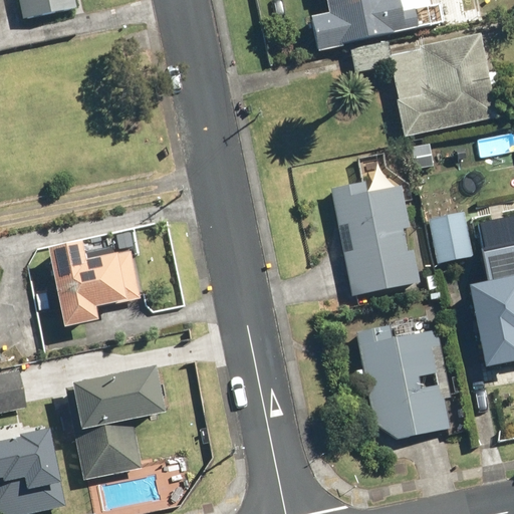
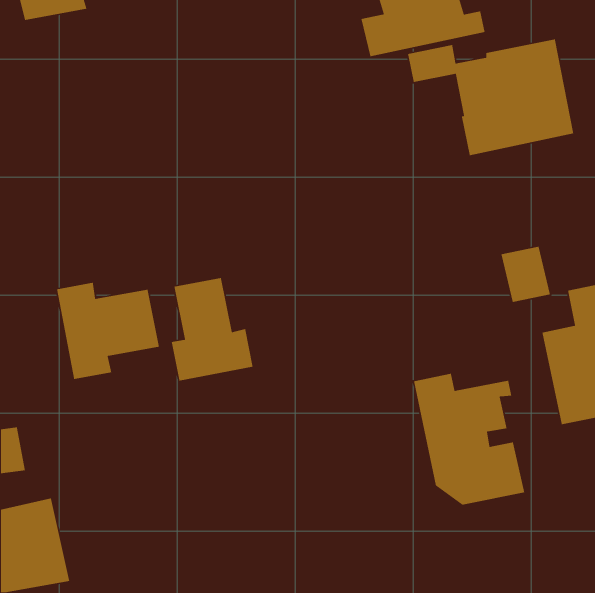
building: [330,181,422,293] -> none
building: none -> [171,277,253,381]
building: [61,366,166,478] -> none

